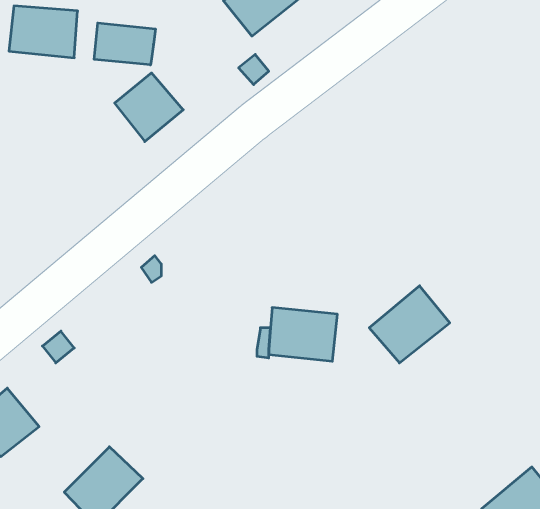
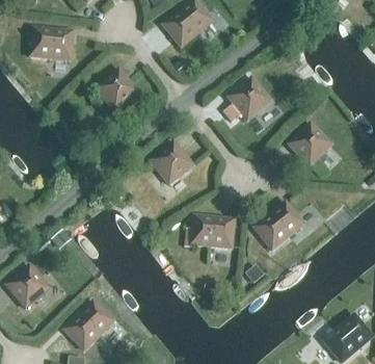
building: [94,23,155,65] -> none
building: none -> [223,79,271,123]
building: none -> [289,124,331,167]
building: none -> [150,142,192,185]

